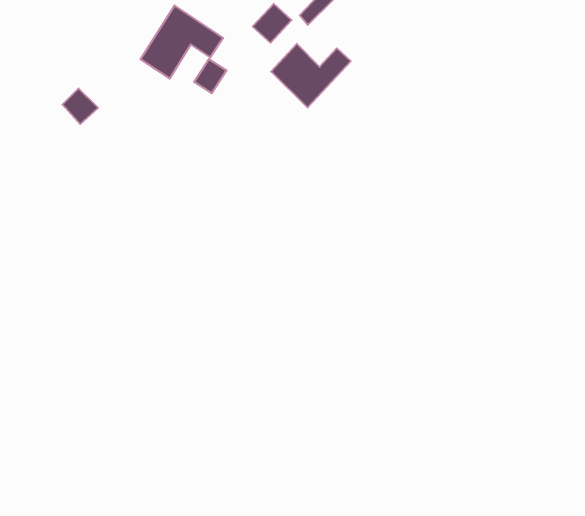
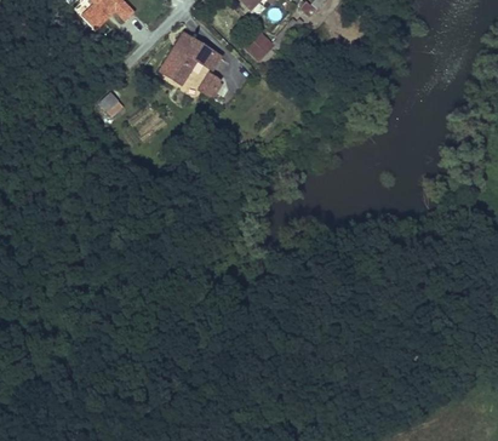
building: [271,44,351,108] -> none

